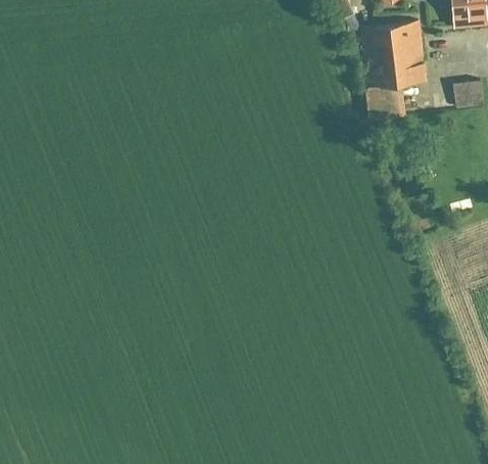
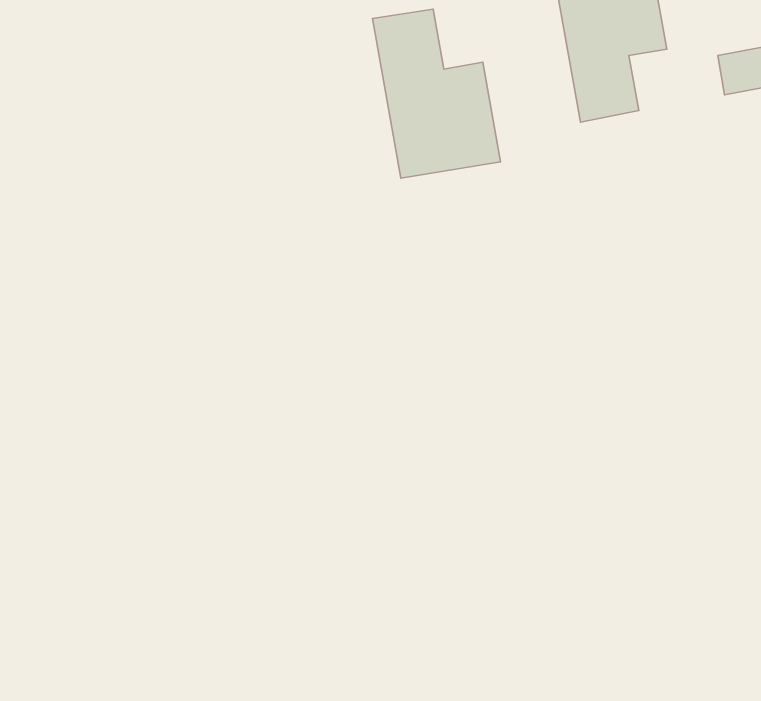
building: none -> [372,9,501,178]

